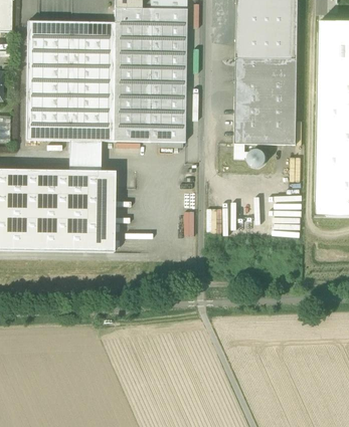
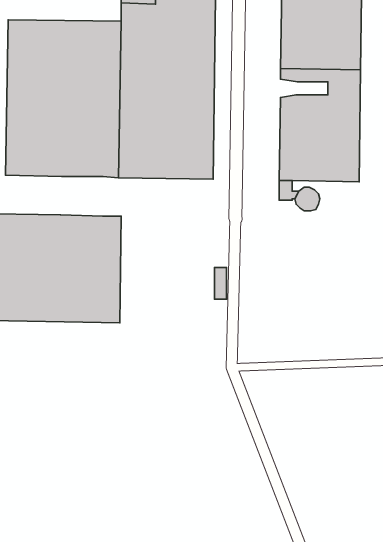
building: [235,66,272,80] -> none
building: [67,141,100,171] -> none

